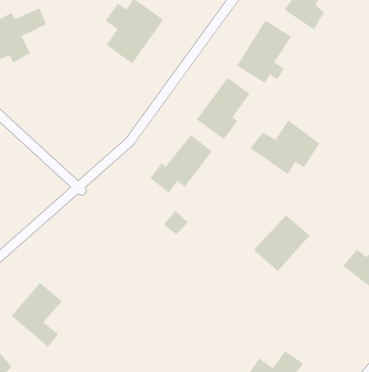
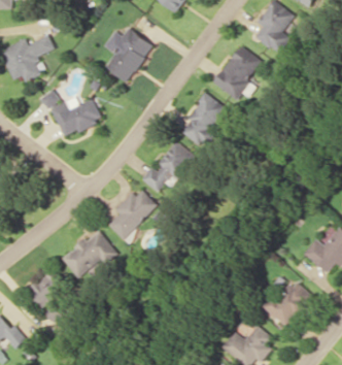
building: none -> [42,89,102,138]
building: [250,119,320,175] -> none
building: none -> [107,186,158,239]
building: [253,214,311,272] -> [265,277,313,326]
building: none -> [62,228,118,278]

